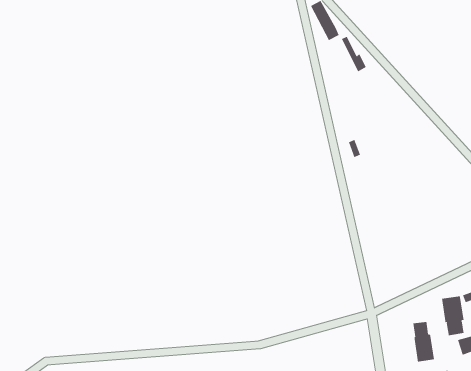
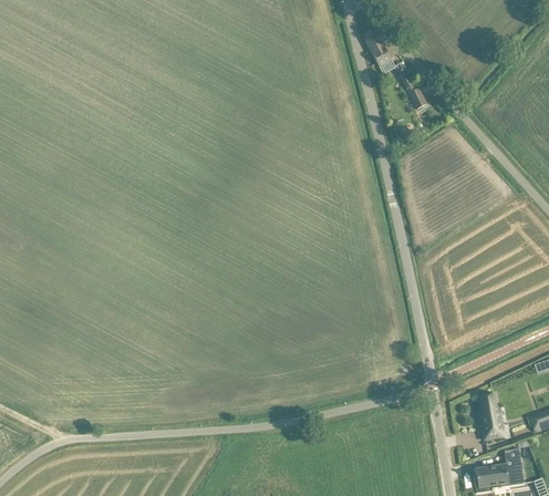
building: [441,295,464,336] -> none

